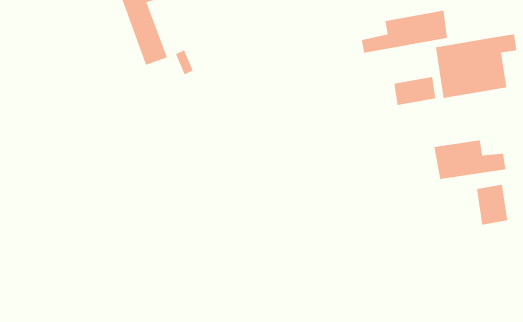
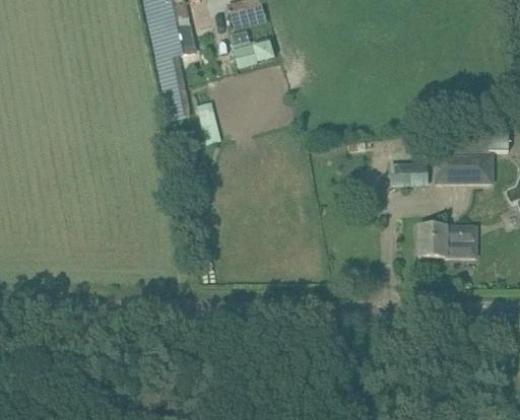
building: [361,10,447,53] -> none
building: [476,184,508,225] -> none

